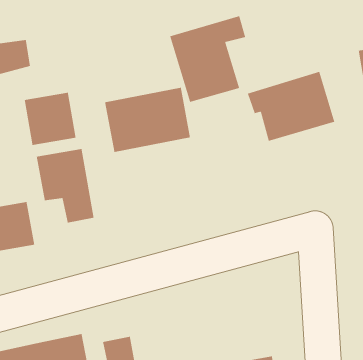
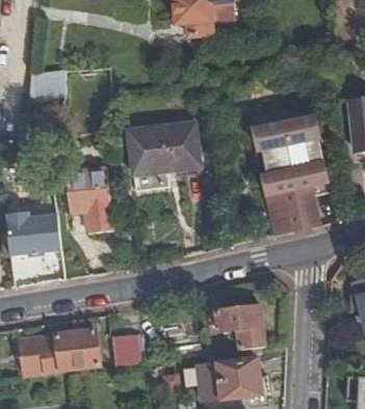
building: [169,15,246,103] -> [261,162,328,235]
building: [24,92,77,146] -> none
building: none -> [215,305,264,350]

